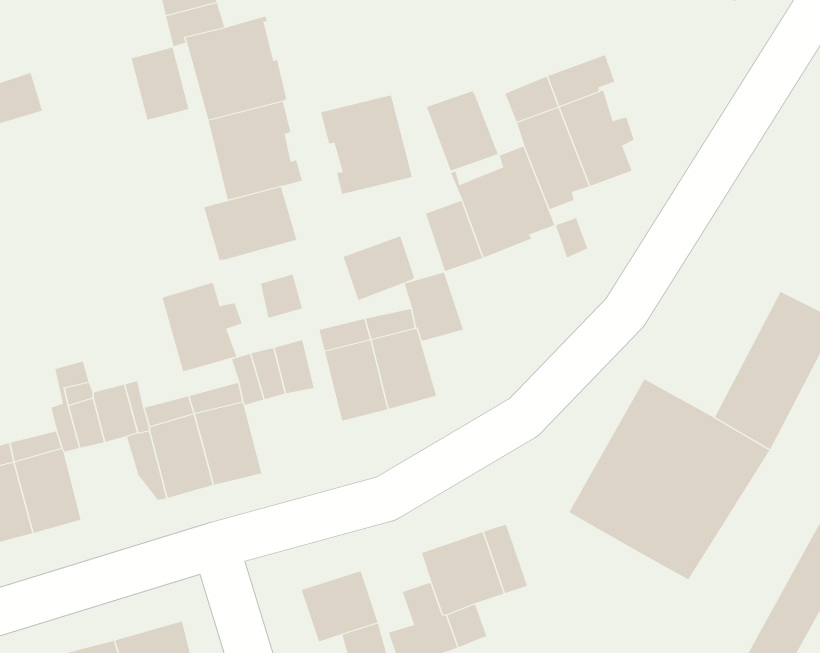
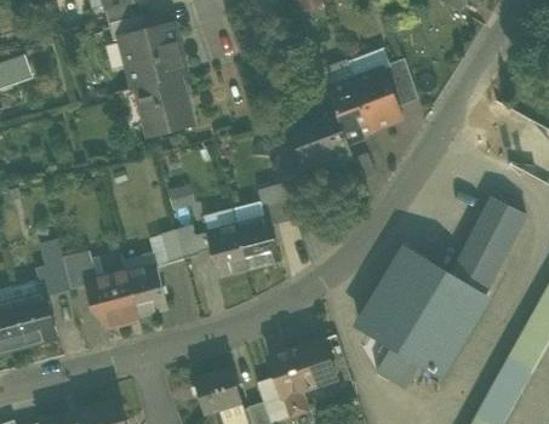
building: [131,47,189,121] -> none
building: none -> [379,58,417,101]
building: [426,91,499,172] -> none
building: [321,95,412,195] -> none
building: [203,186,297,261] -> none
building: [343,235,415,301] -> none
building: [162,282,242,372] -> none
building: none -> [361,342,419,390]

